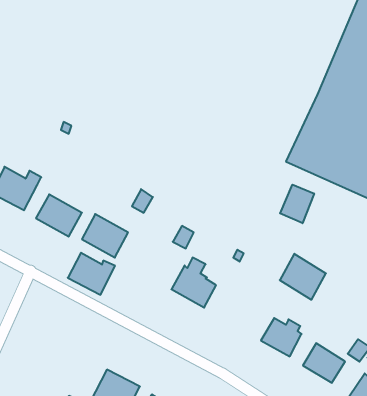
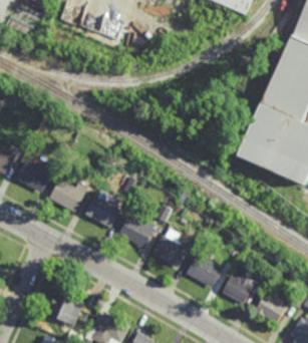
building: [280,185,314,223] -> none
building: [68,253,115,295] -> [118,216,155,248]
building: [280,254,326,300] -> [186,253,221,288]
building: none -> [48,294,82,326]

